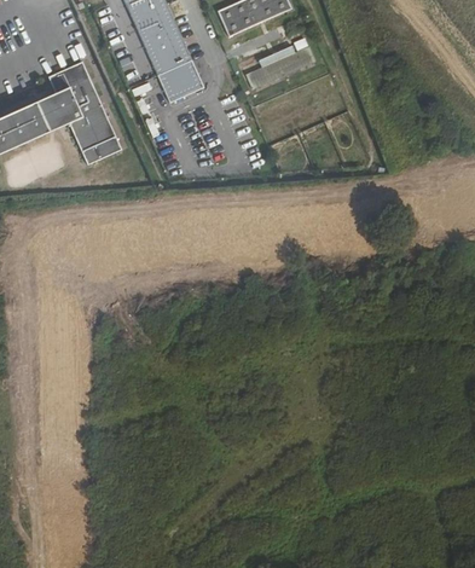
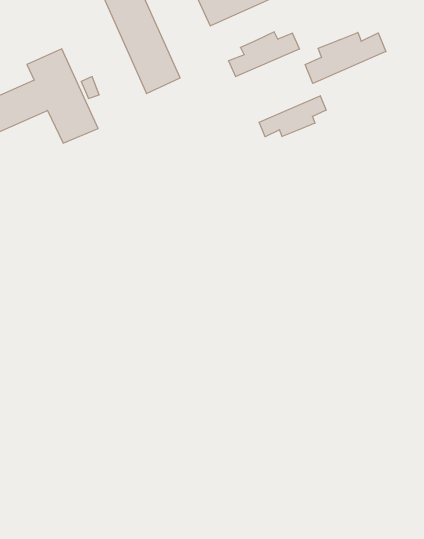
building: none -> [305,32,386,83]
building: none -> [259,96,326,137]

